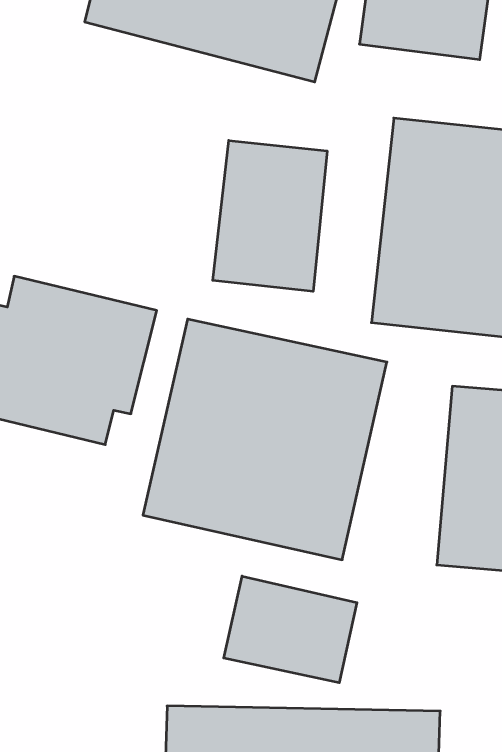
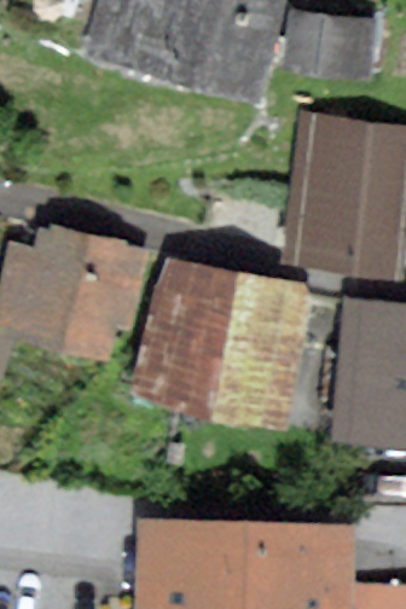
building: [213,140,327,291] -> none
building: [224,576,357,683] -> none

